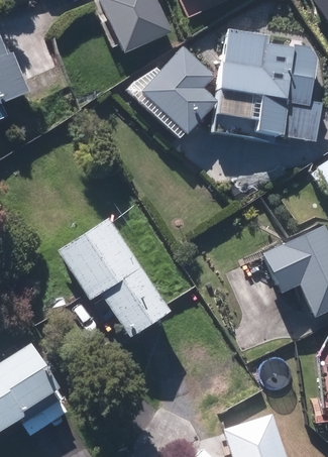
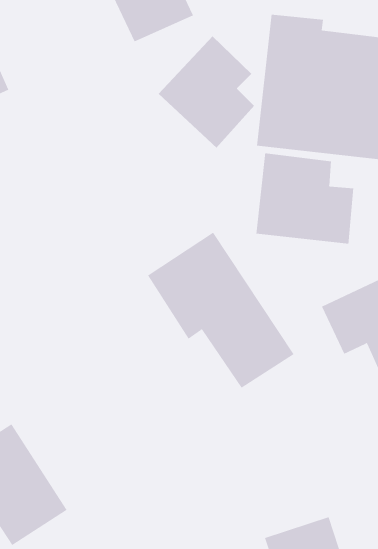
building: none -> [256,153,354,245]
building: [59,217,171,336] -> [147,232,294,389]

